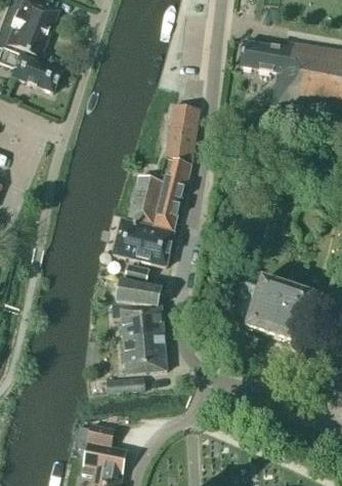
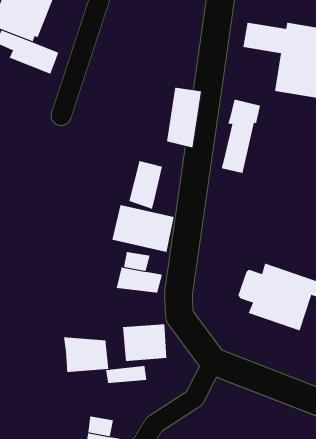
building: [153,157,191,230] -> [221,99,261,174]
building: [120,303,165,338] -> [63,337,109,372]

